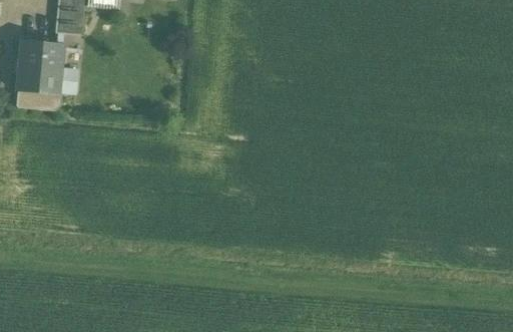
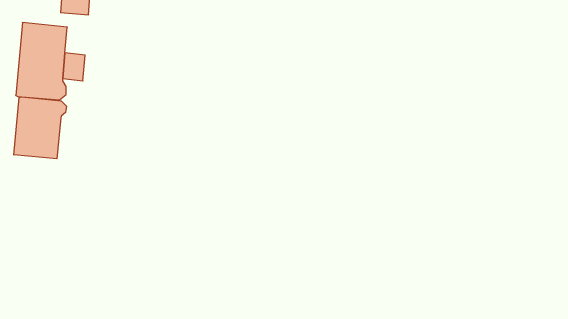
building: none -> [14,97,67,159]

